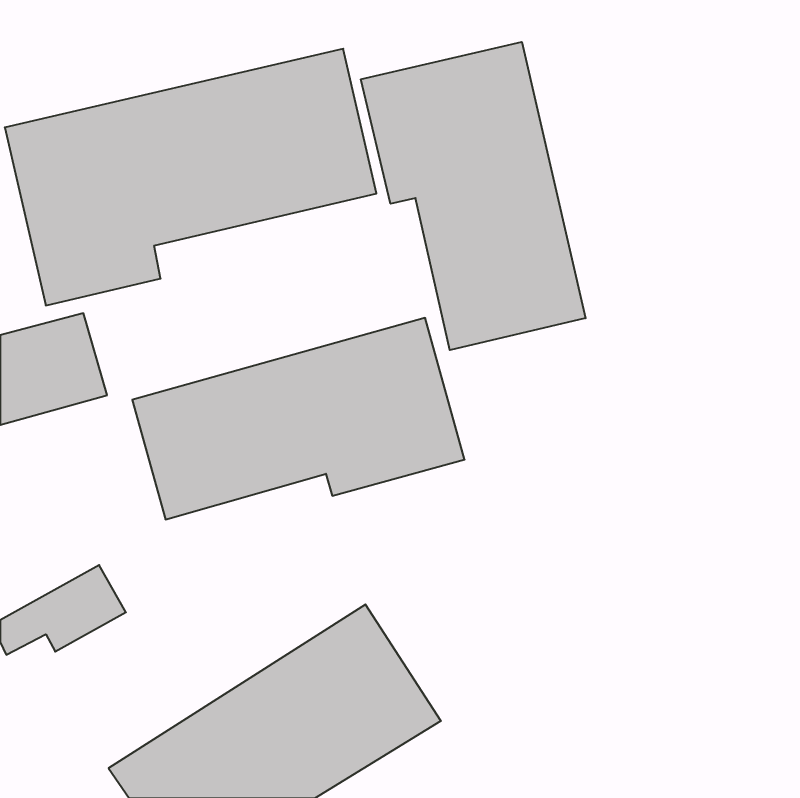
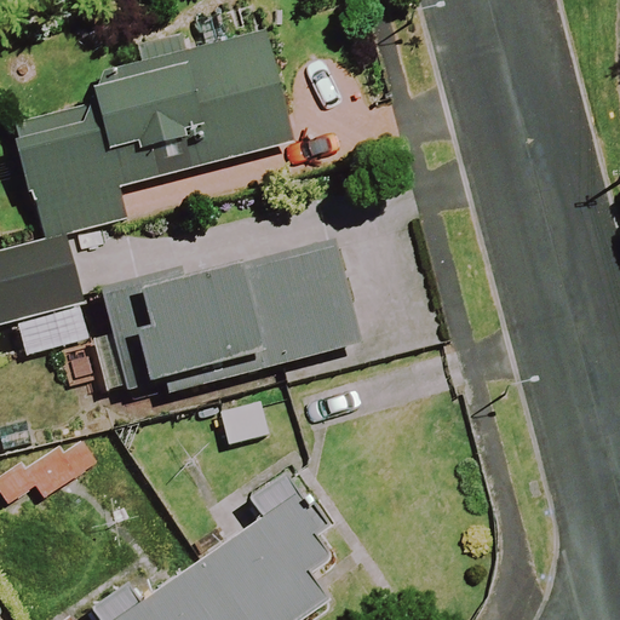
building: [361,42,586,350] -> none

